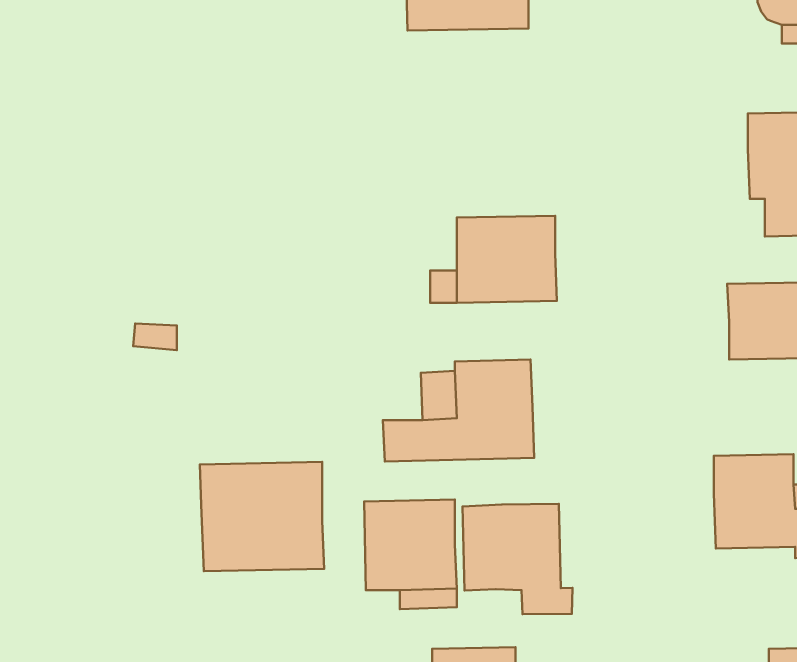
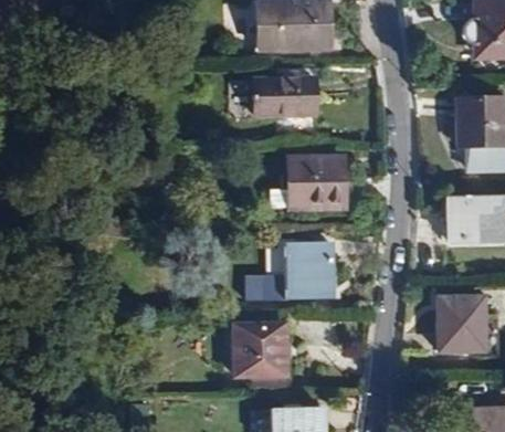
building: none -> [252,77,317,116]
building: [200,462,324,571] -> none
building: [463,504,572,614] -> none

